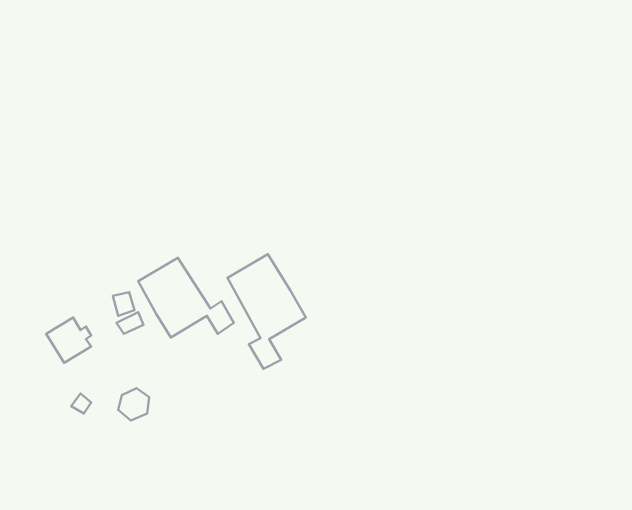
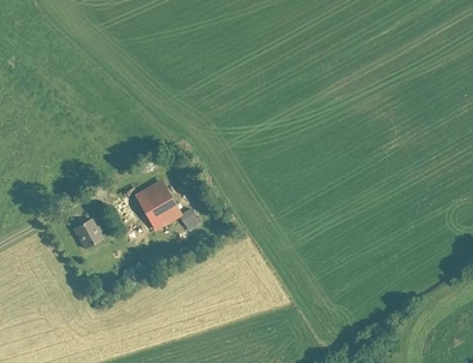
building: [228,254,306,369] -> none

